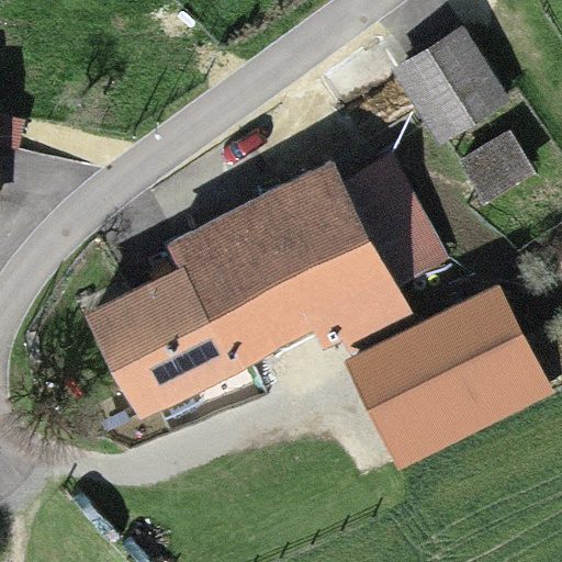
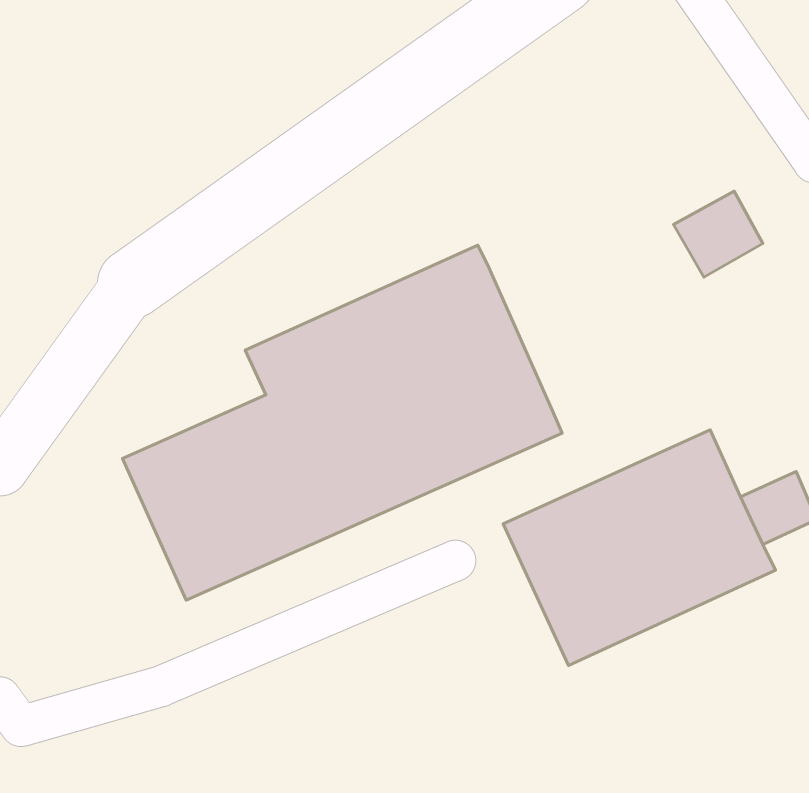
building: [402,31,504,136] -> none
building: [340,160,437,283] -> none

